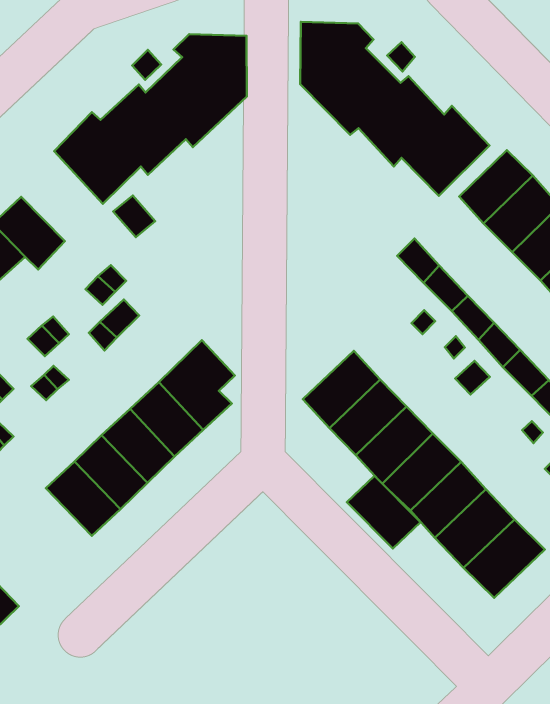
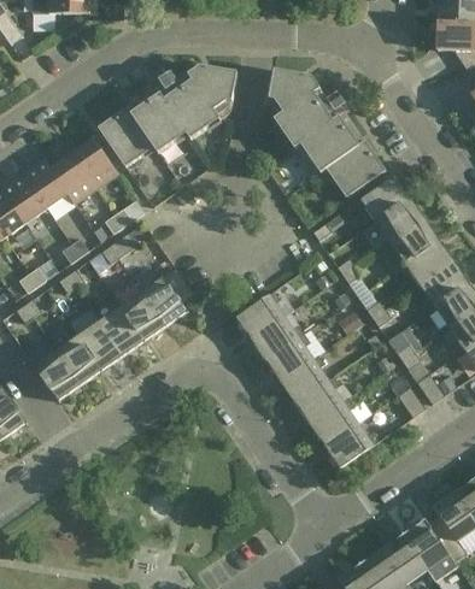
building: none -> [71,139,117,188]
building: [347,476,420,549] -> none
building: none -> [33,348,82,401]

